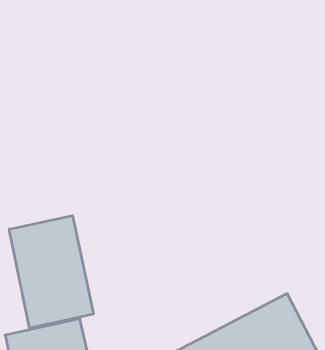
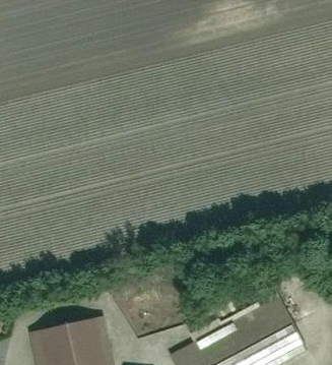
building: [9,216,93,328] -> none

